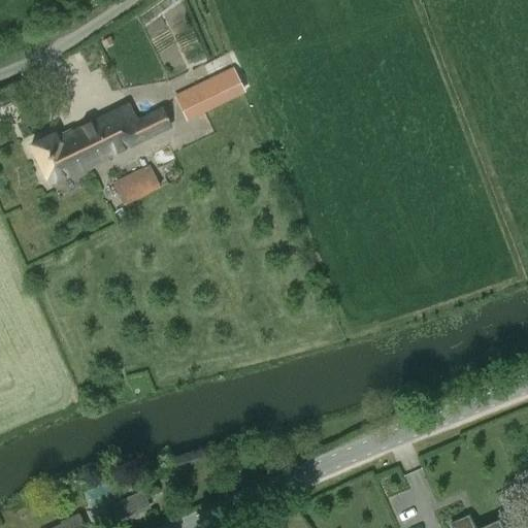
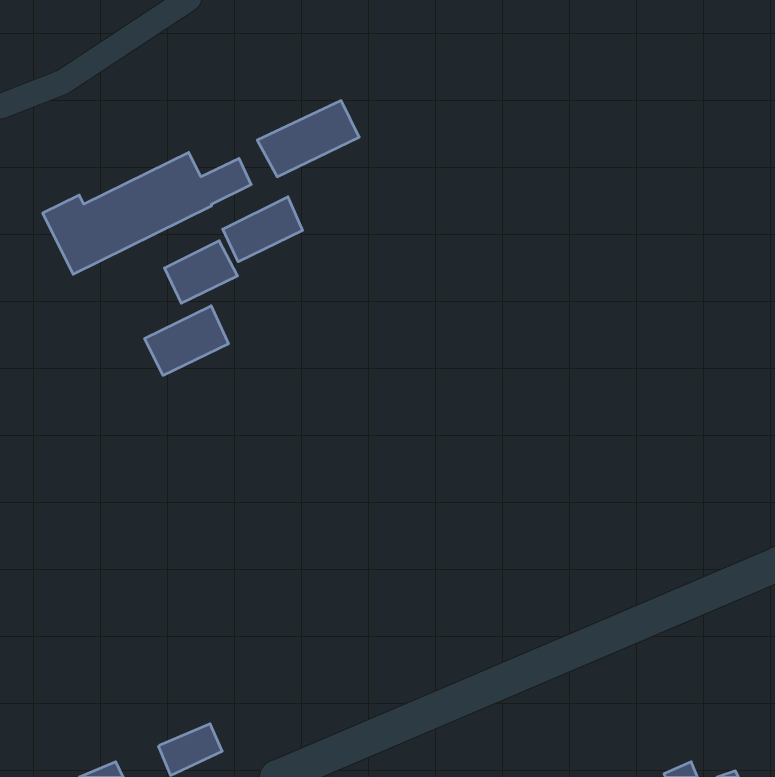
building: none -> [223,197,303,262]
building: none -> [145,306,228,375]

